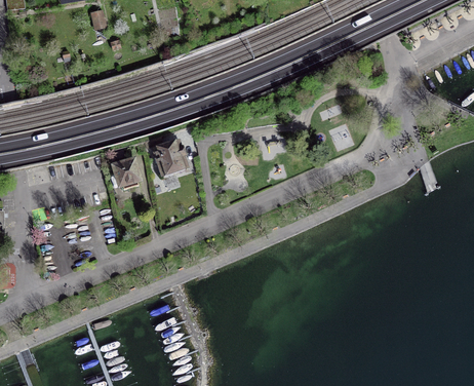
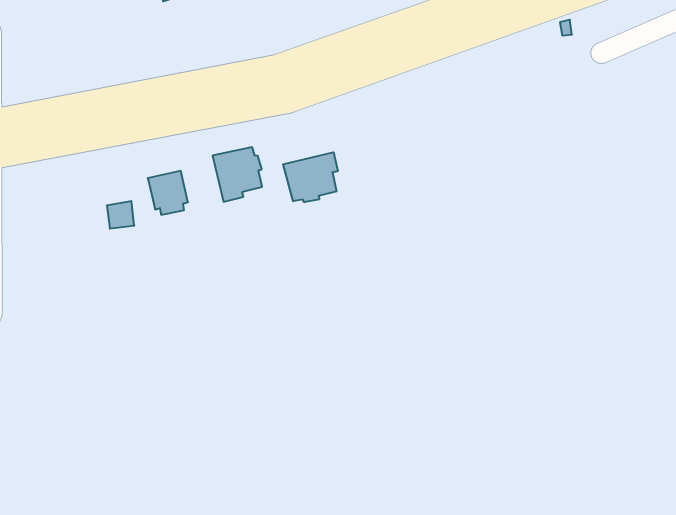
building: none -> [283,152,338,202]

